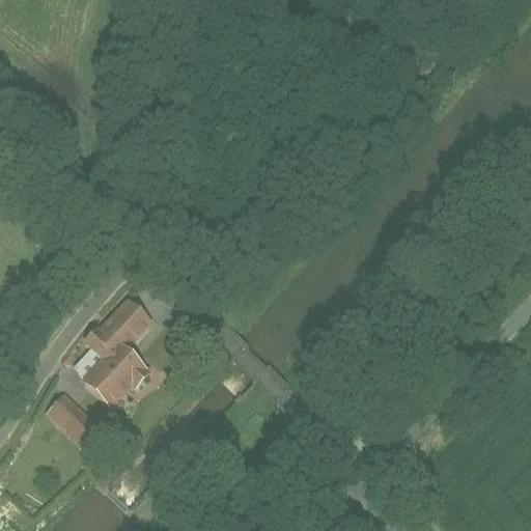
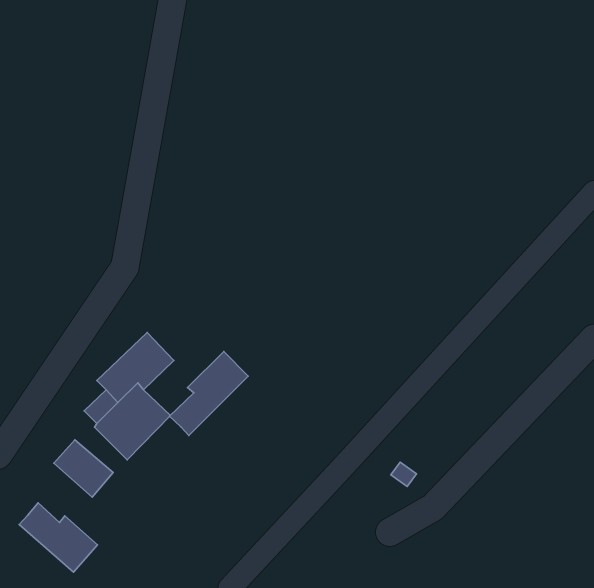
building: none -> [169,351,248,436]
building: none -> [19,503,98,572]

